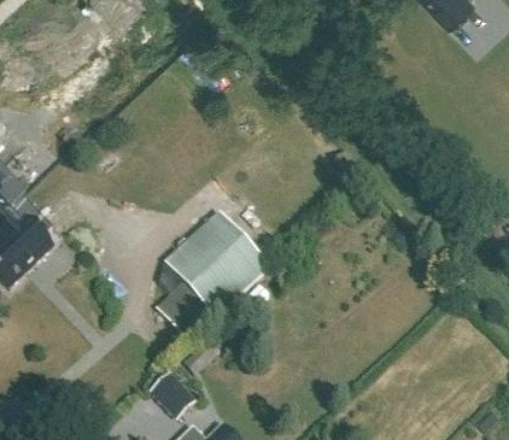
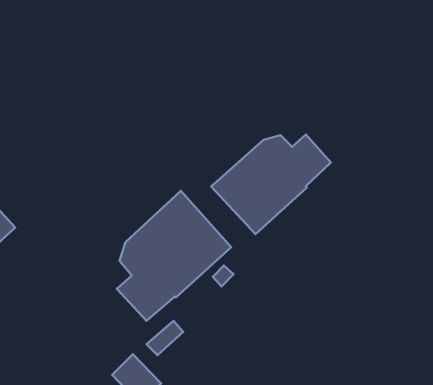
building: none -> [211,135,331,234]

